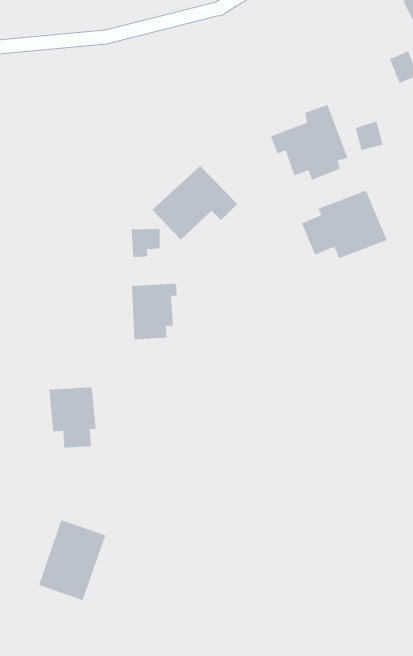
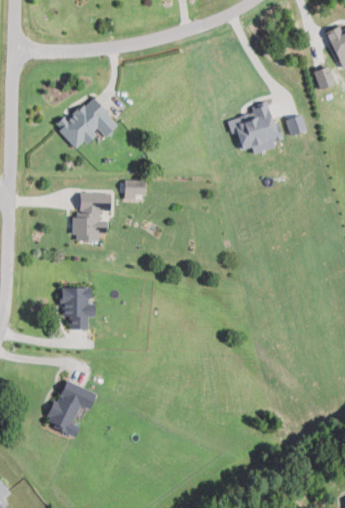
building: [152,165,238,241] -> [56,97,117,149]
building: [301,190,387,259] -> none
building: [131,283,178,340] -> [74,203,107,241]

